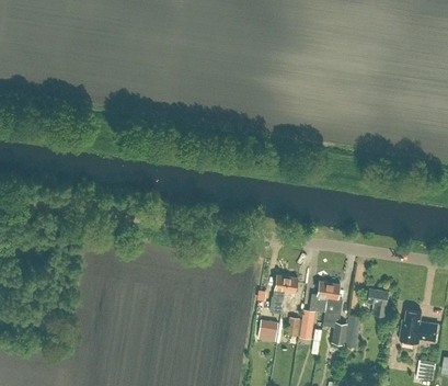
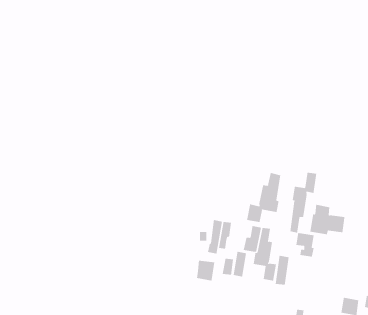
building: none -> [290,172,317,233]
building: none -> [247,172,281,223]
building: [399,309,438,343] -> [309,204,345,235]

